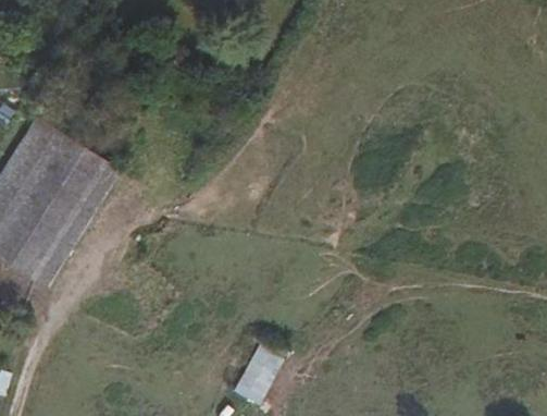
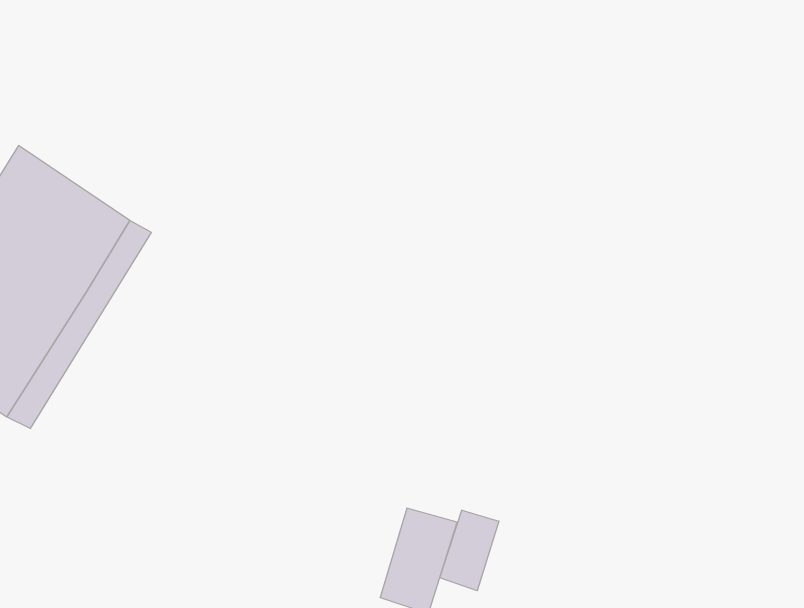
building: none -> [440,510,499,591]

